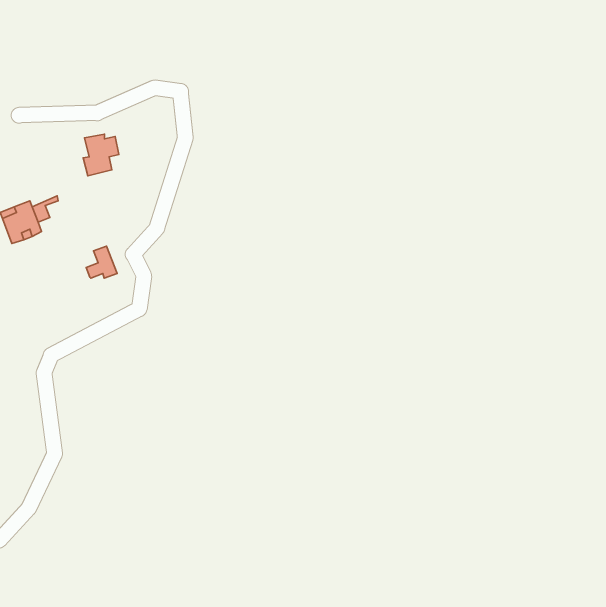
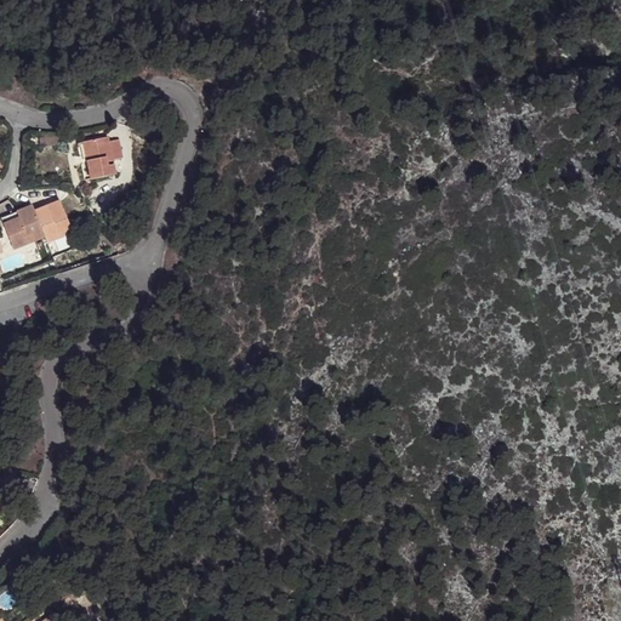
building: [86,246,117,278] -> [39,205,70,238]

